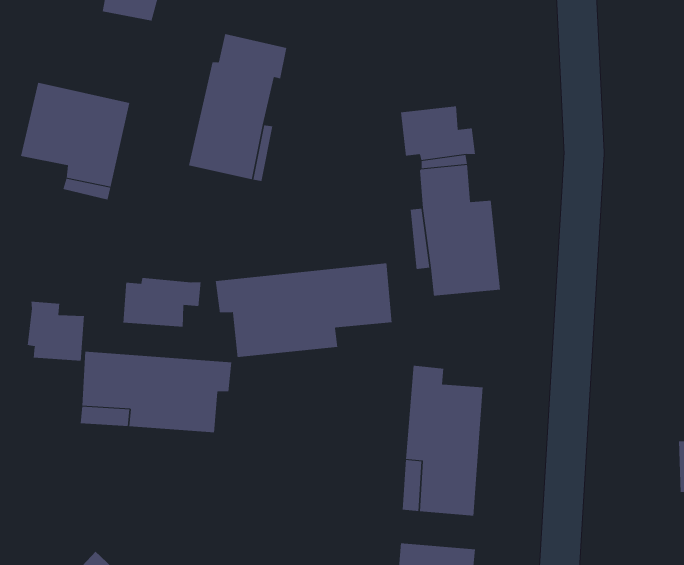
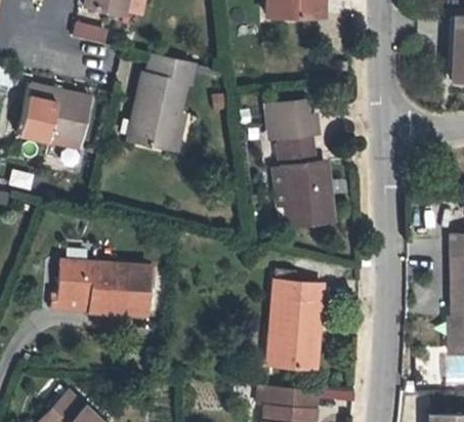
building: [215,262,392,358] -> none
building: [123,277,201,328] -> none
building: [27,301,84,362] -> none

